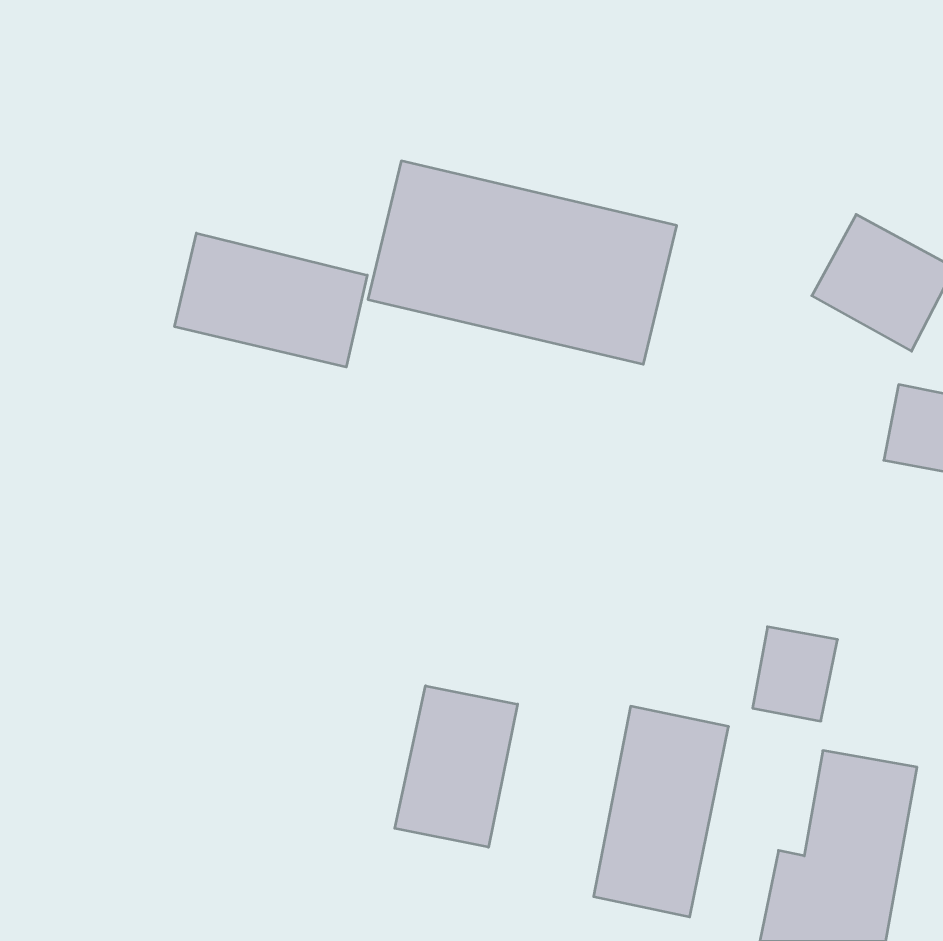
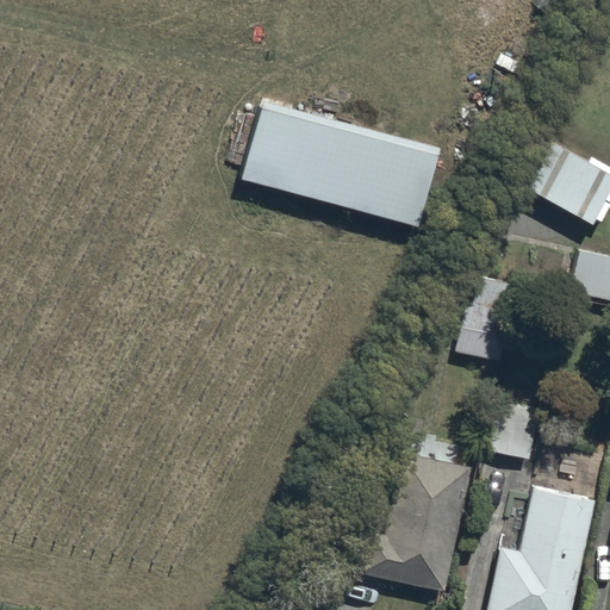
building: [175,233,367,367] -> none
building: none -> [458,270,517,359]
building: [395,686,518,847] -> none

